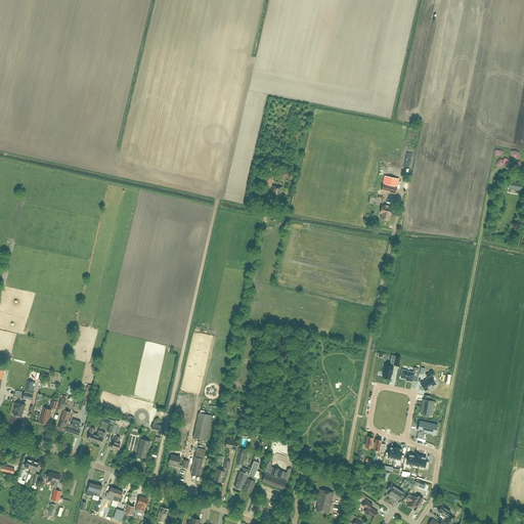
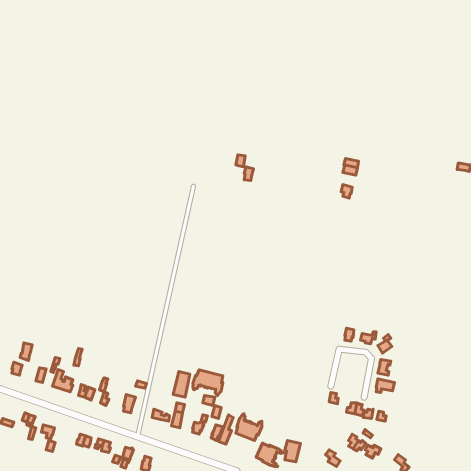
building: none -> [193,370,223,395]
building: none -> [256,443,284,467]

